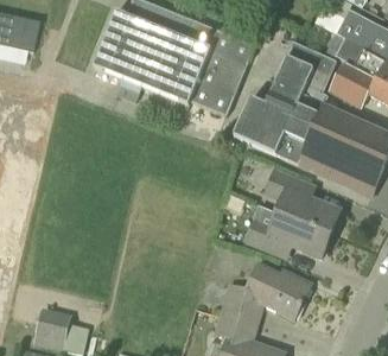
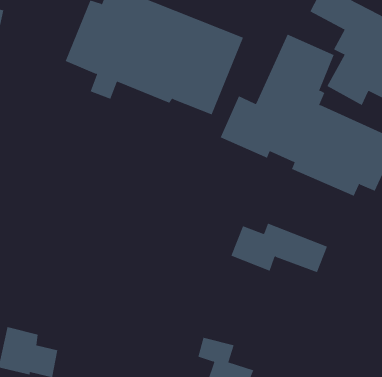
building: [262,167,341,234] -> none
building: [218,262,310,326] -> none

